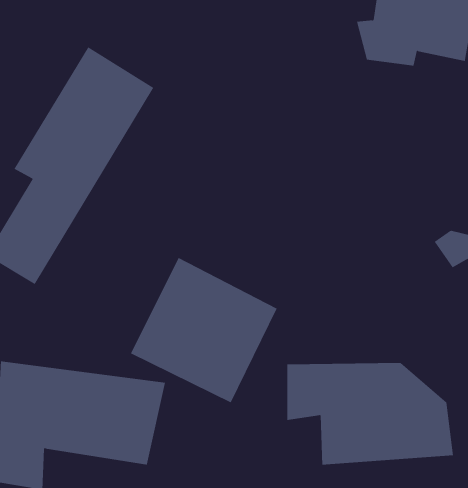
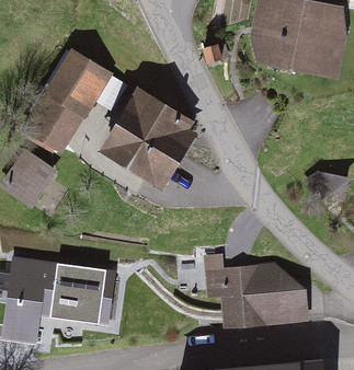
building: [130,257,277,403] -> [104,89,202,185]

